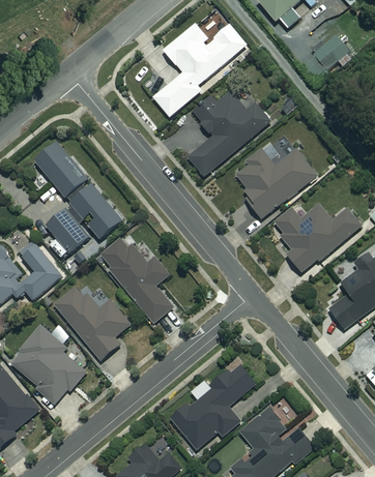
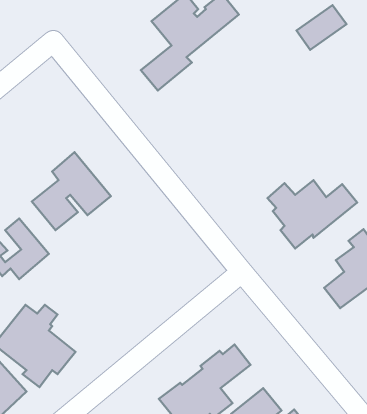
building: [188,88,269,176] -> none
building: [34,141,87,196] -> none
building: [235,148,317,217] -> none
building: [102,239,173,323] -> none
building: [54,286,131,359] -> none

